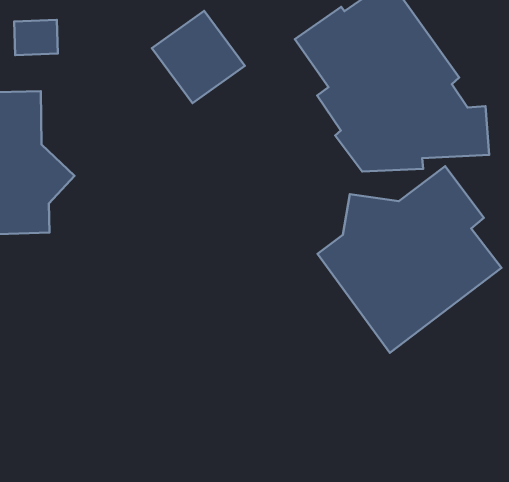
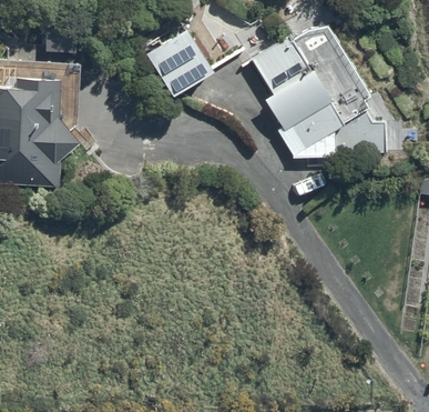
building: [318,166,501,353] -> none

